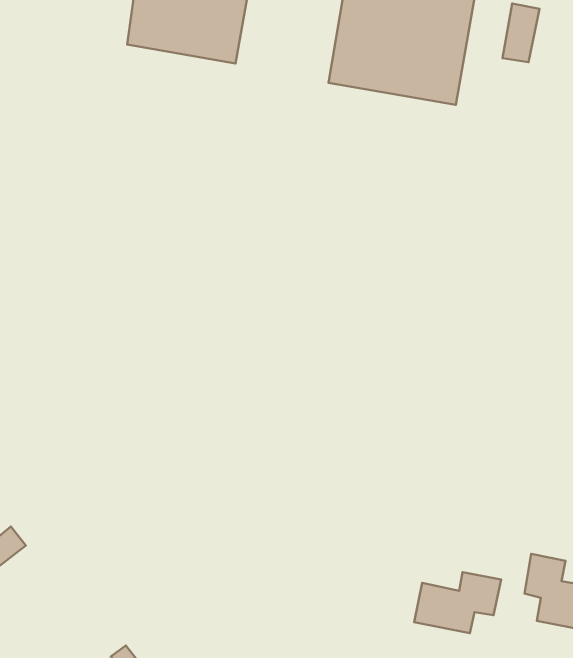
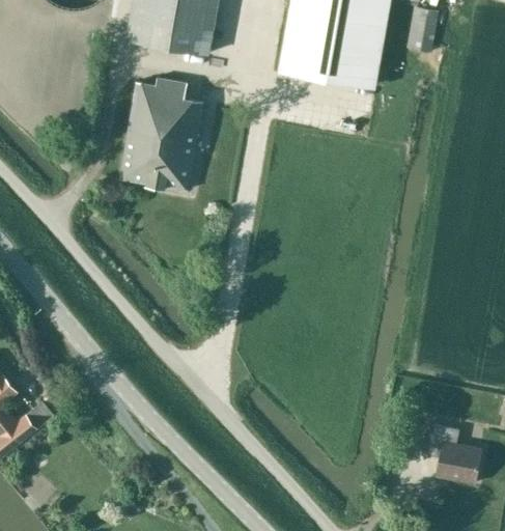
building: none -> [119,78,202,189]
building: [414,572,501,633] -> none

